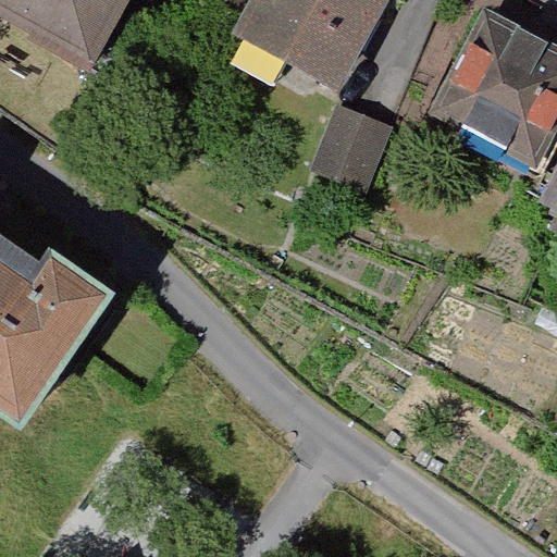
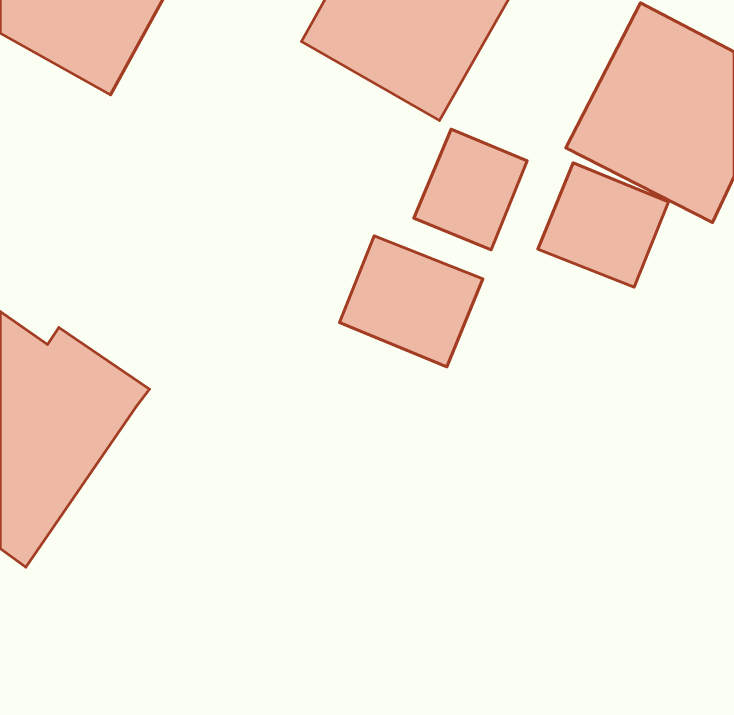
building: none -> [538,163,668,287]
building: none -> [340,236,483,367]

